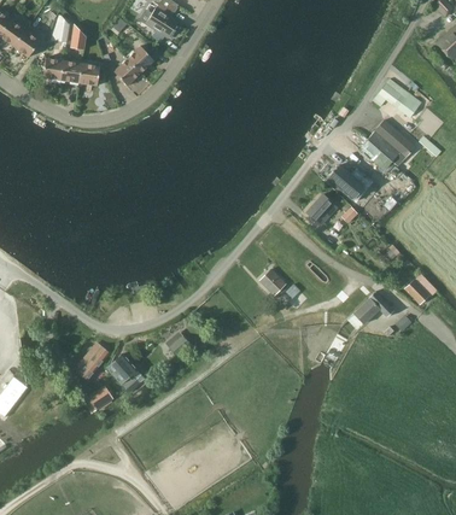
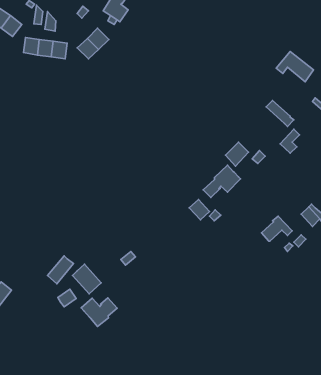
building: [367,124,414,165] -> none
building: [327,165,372,200] -> none
building: none -> [203,165,241,197]
building: none -> [81,298,117,326]

